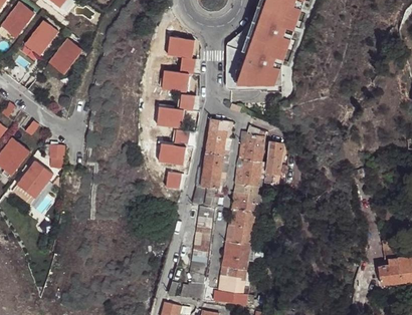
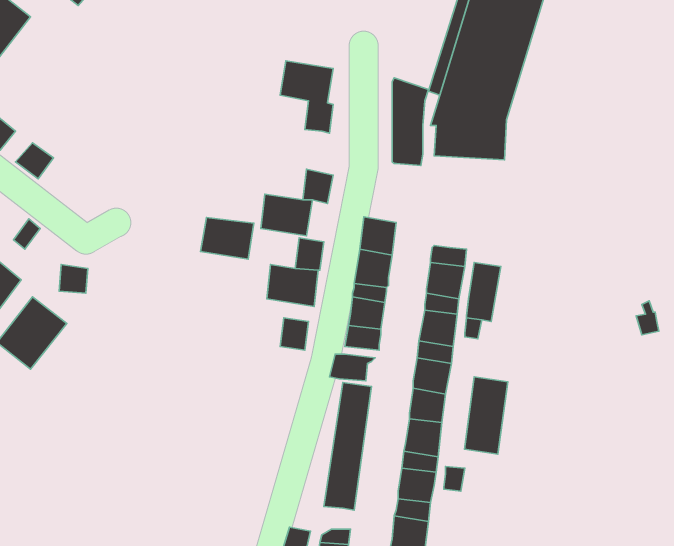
building: [24,20,58,56] -> none
building: [48,38,81,74] -> none
building: [160,70,188,92] -> [201,217,254,259]
building: none -> [464,377,508,454]

